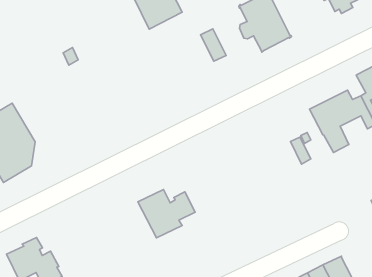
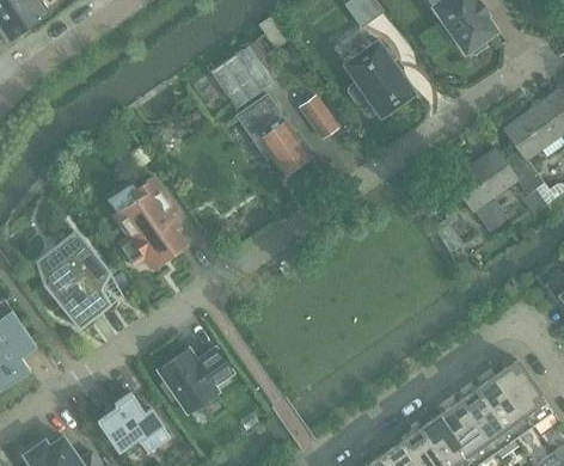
building: none -> [237,94,309,173]
building: none -> [115,177,185,268]
building: [138,190,195,238] -> [158,348,232,411]

